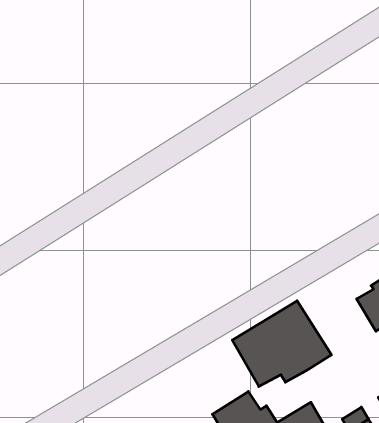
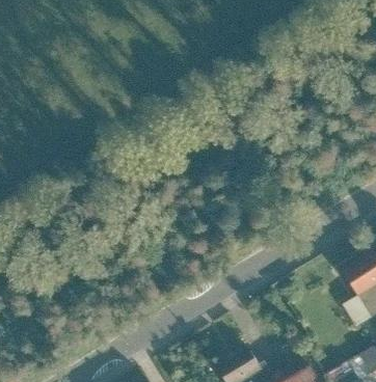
building: [232,301,331,387] -> none

